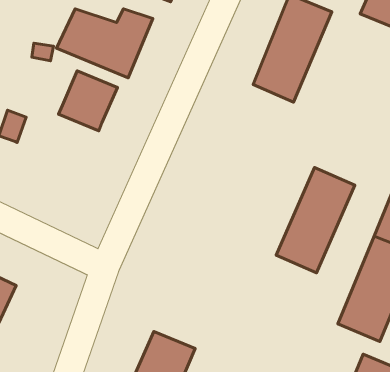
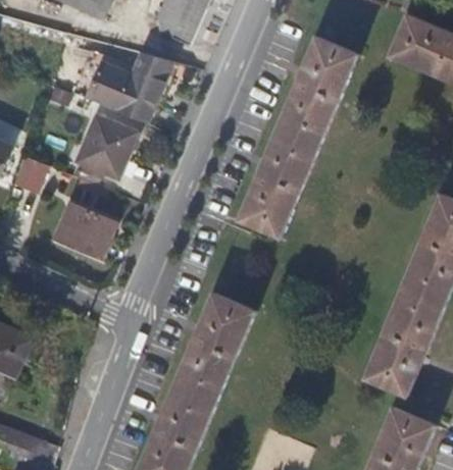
building: none -> [52,204,109,255]
building: [276,168,355,273] -> [237,129,318,239]
building: none -> [173,292,256,403]

